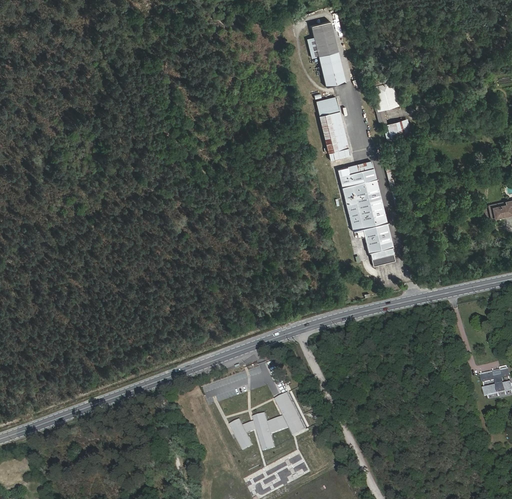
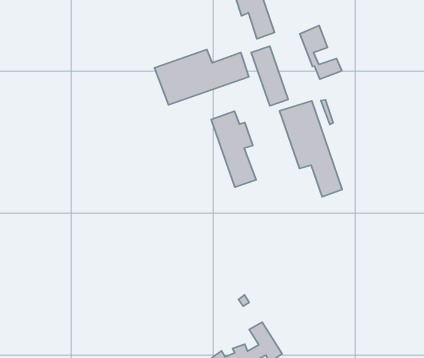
building: none -> [155,50,249,105]
building: none -> [211,111,256,187]

